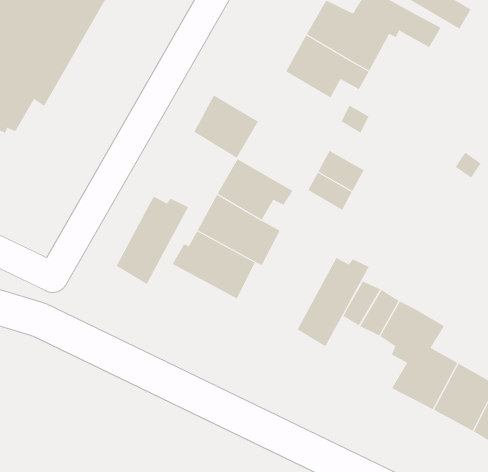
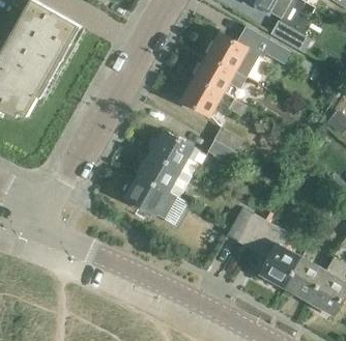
building: [193,95,259,158] -> [181,77,222,116]
building: [116,196,189,285] -> none
building: [297,257,369,347] -> none

